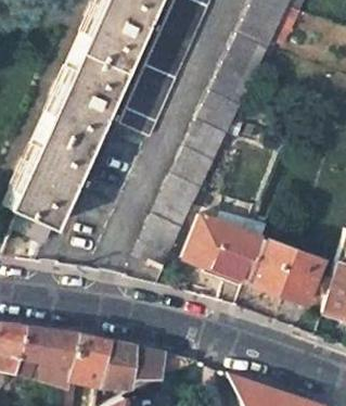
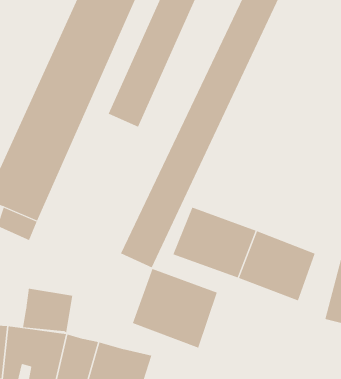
building: none -> [132,268,218,349]
building: none -> [23,288,73,333]

